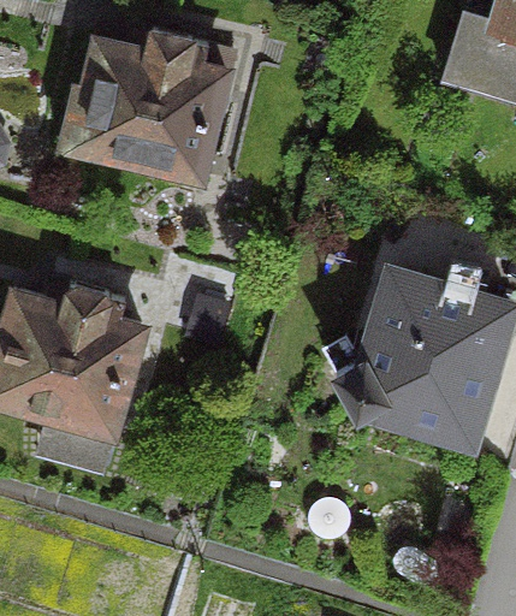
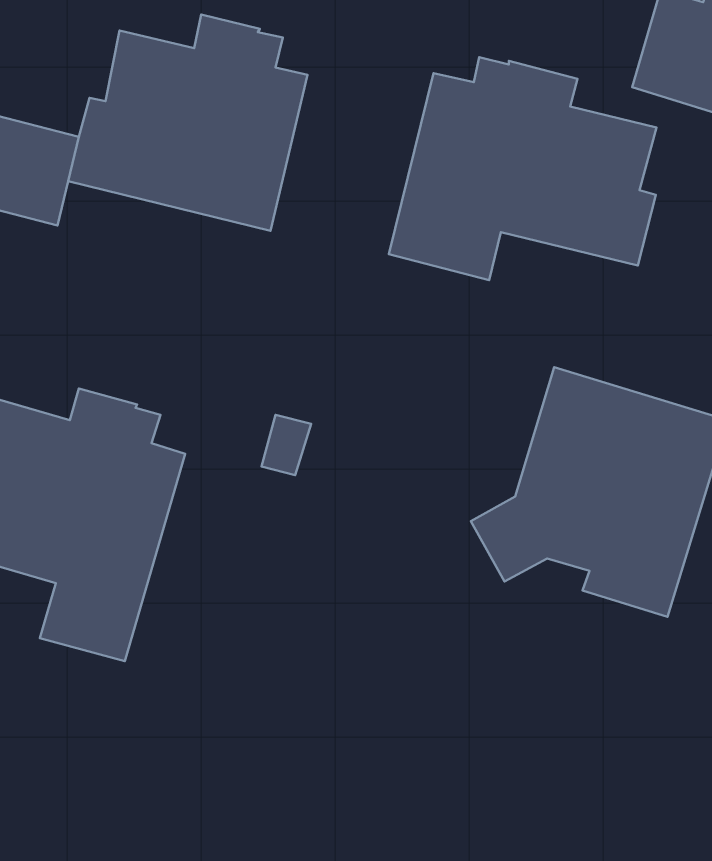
building: none -> [389,57,657,280]

